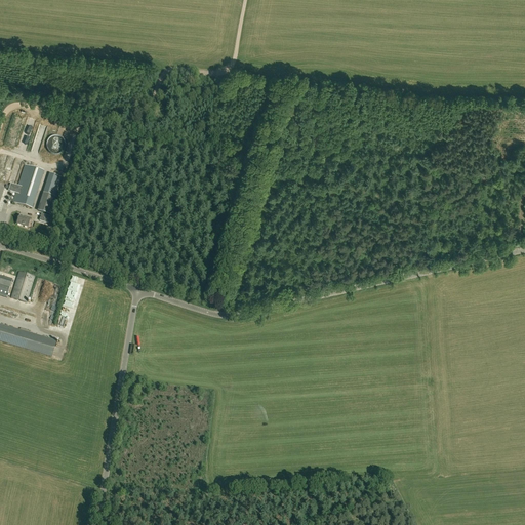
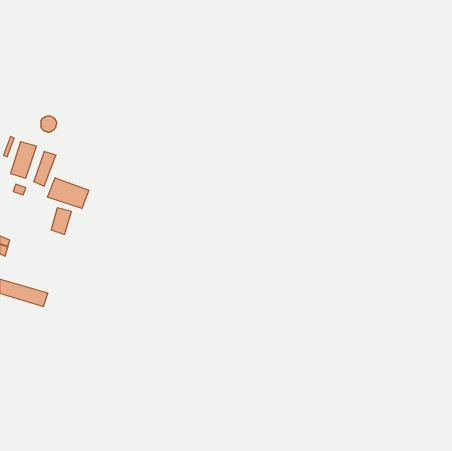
building: none -> [48,178,89,209]
building: [10,271,34,301] -> [51,208,71,234]

